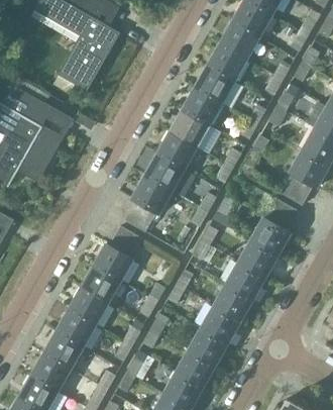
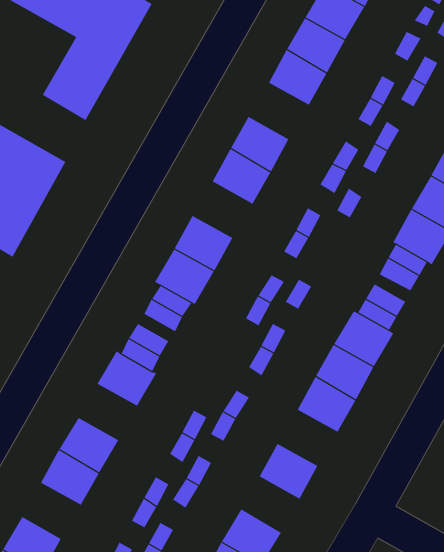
building: [193,67,233,104] -> none
building: [155,132,196,170] -> none
building: [80,267,119,304] -> none
building: [212,284,252,321] -> none
building: [188,328,227,366] -> none
building: [42,332,82,370] -> none

